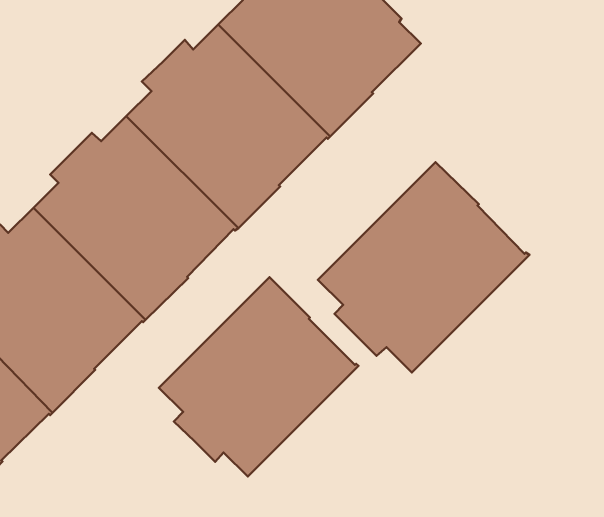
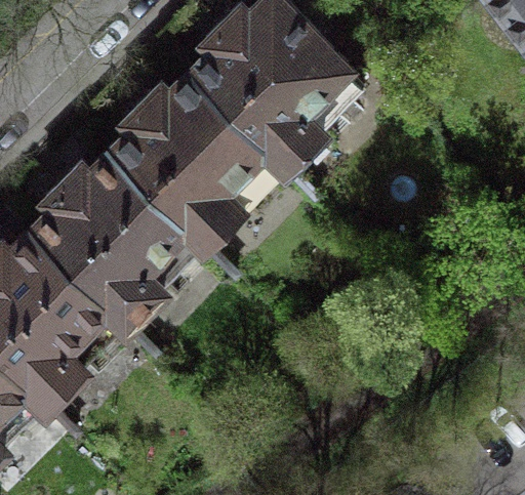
building: [318,162,529,372] -> none
building: [159,277,358,477] -> none

